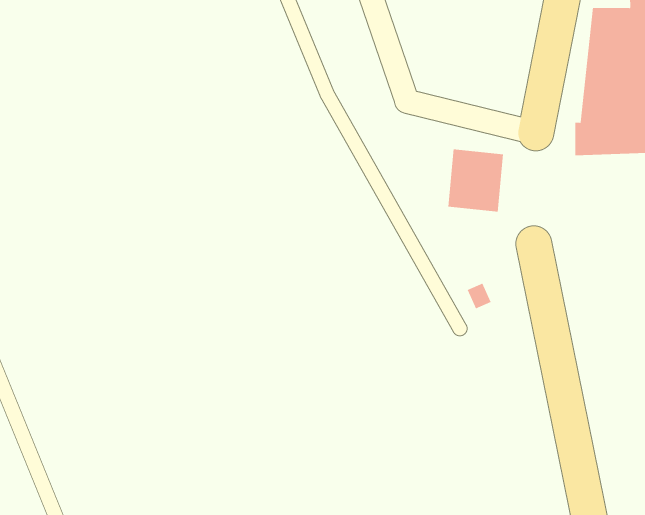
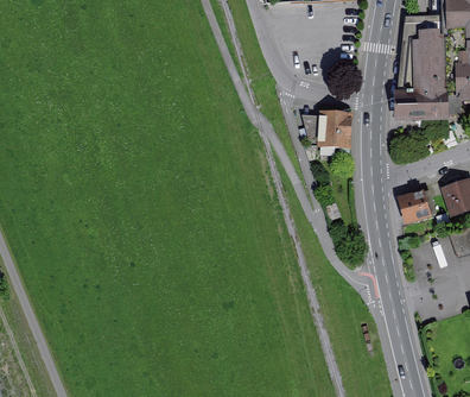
building: none -> [401,188,437,220]

